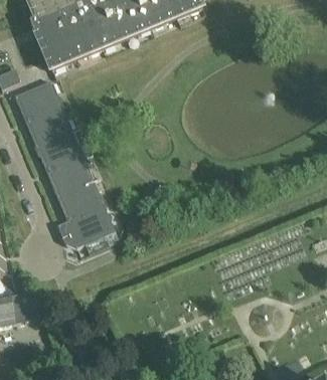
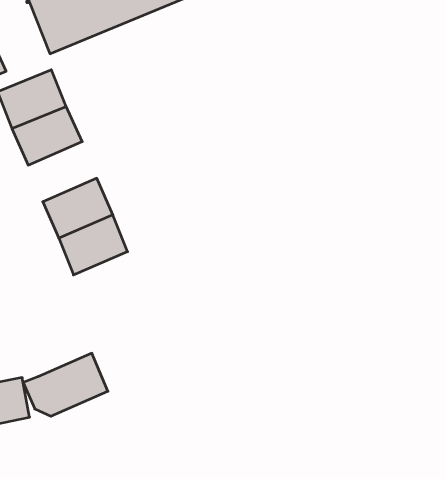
building: [36,129,84,170] -> none
building: [57,204,116,247] -> [23,353,108,416]

